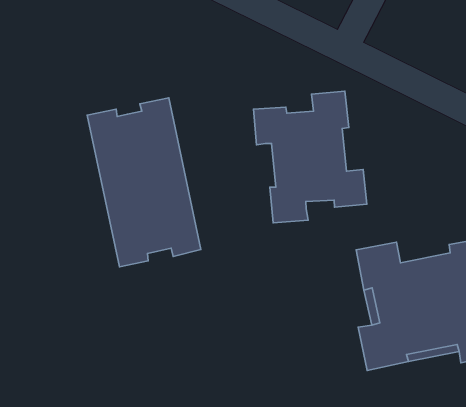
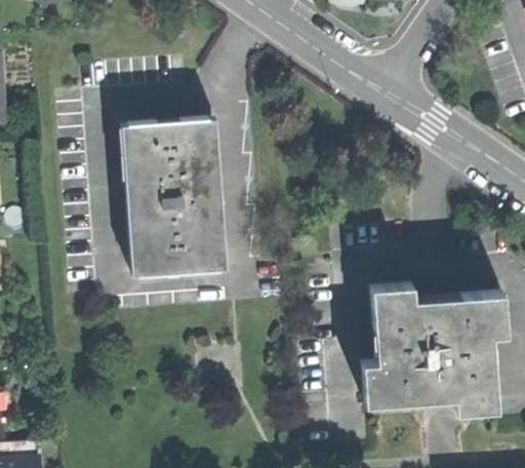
building: [253,91,367,223] -> none

